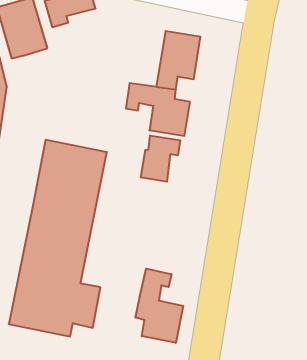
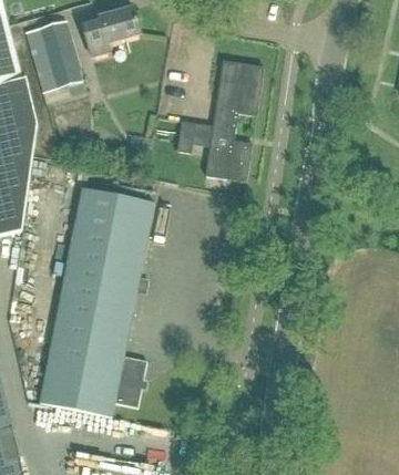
building: [141,135,180,182] -> none
building: [135,269,183,343] -> none

